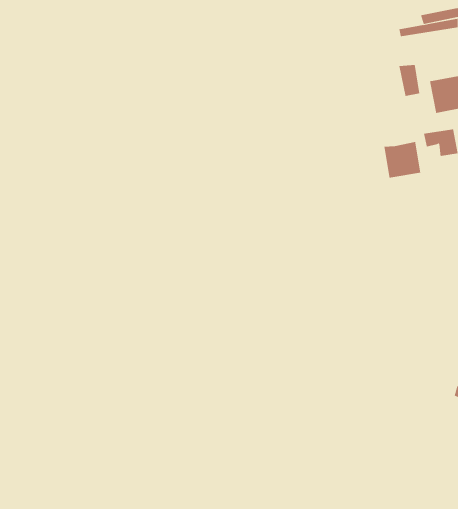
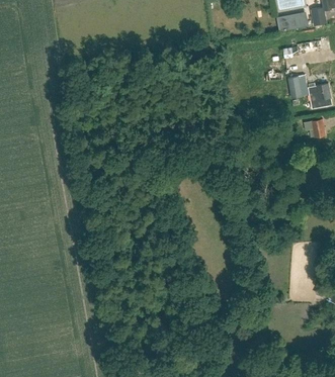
building: [384,141,421,179] -> none

